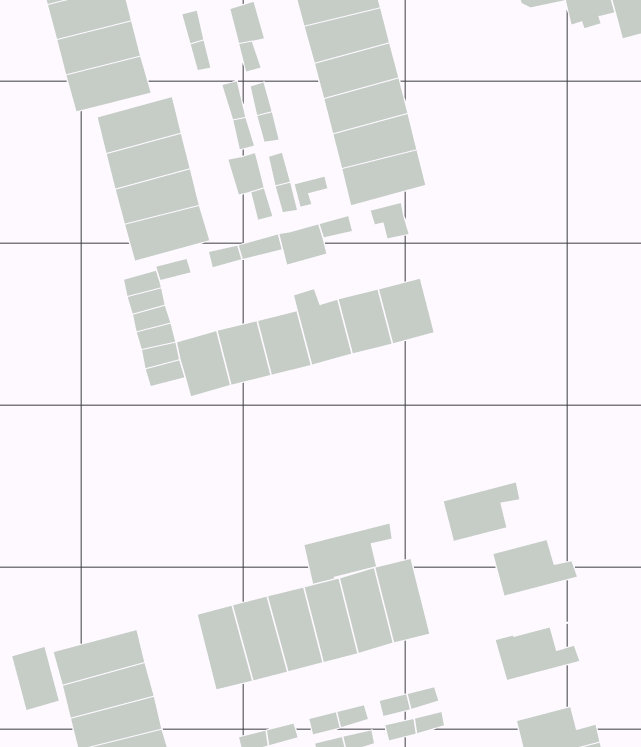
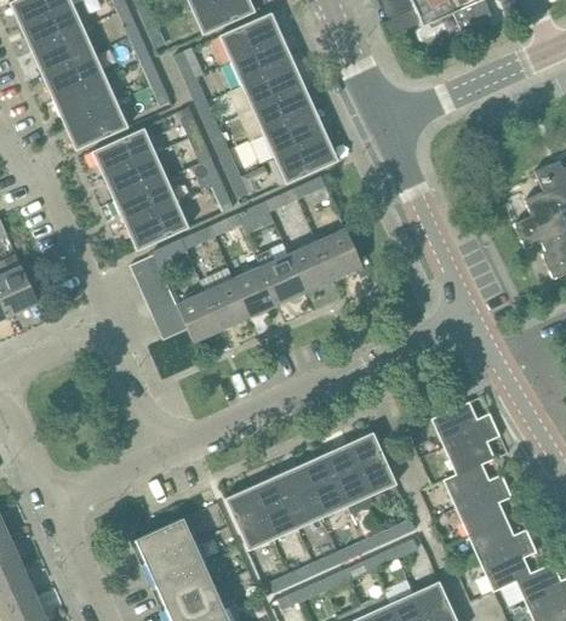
building: [443,482,520,542] -> [445,425,501,475]
building: [304,523,399,584] -> none
building: [11,646,60,711] -> none
building: none -> [457,485,513,536]

